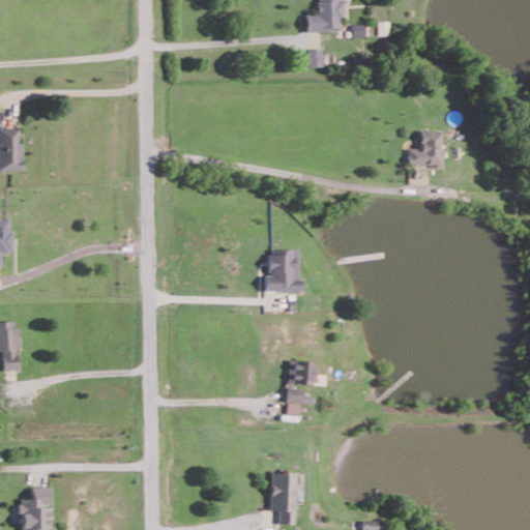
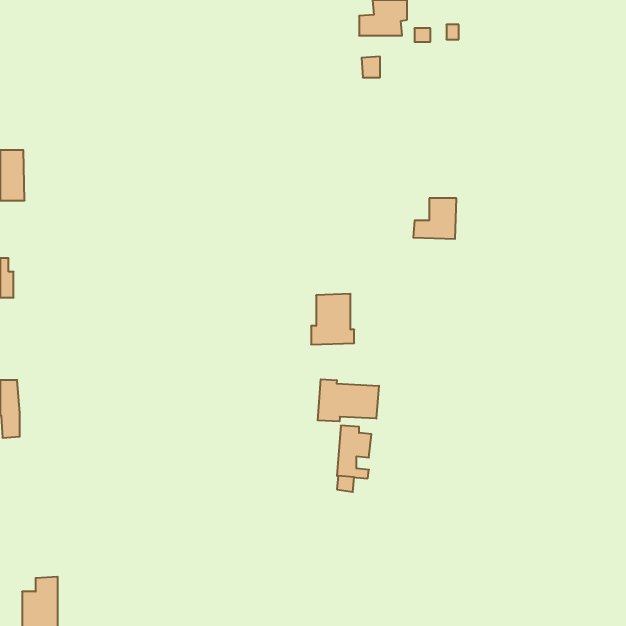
building: [406,131,442,166] -> [413,198,456,239]
building: none -> [318,379,379,421]
building: [269,474,295,525] -> none

